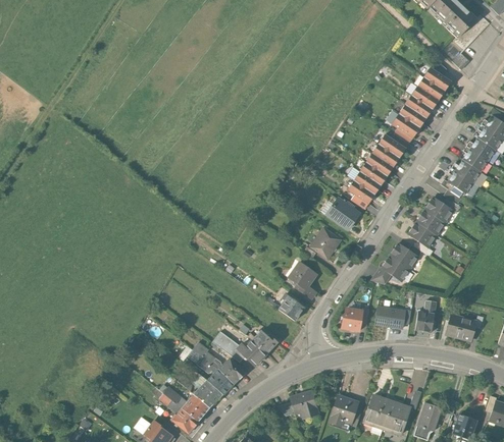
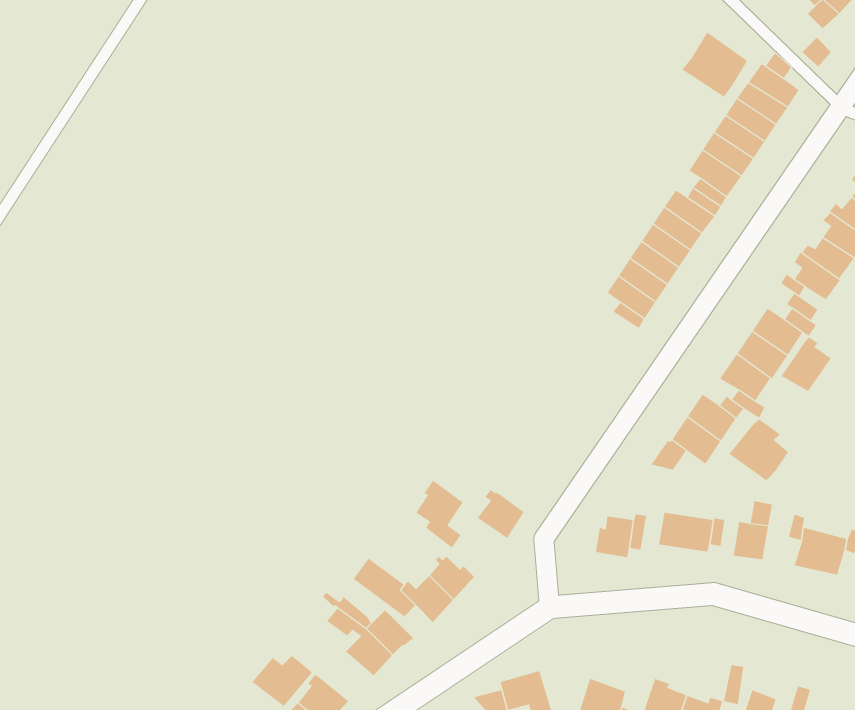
building: none -> [682,31,748,97]
building: [325,198,359,230] -> none
building: none -> [781,336,832,392]
building: [310,228,341,259] -> none
building: none -> [729,418,789,481]
building: [289,262,316,298] -> [412,480,463,548]
building: [194,379,223,407] -> none

